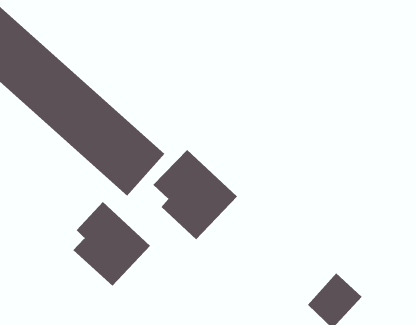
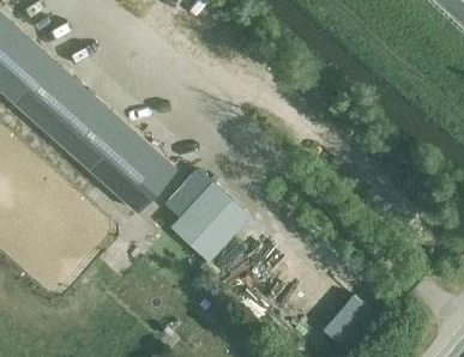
building: [73,201,151,286] -> none

